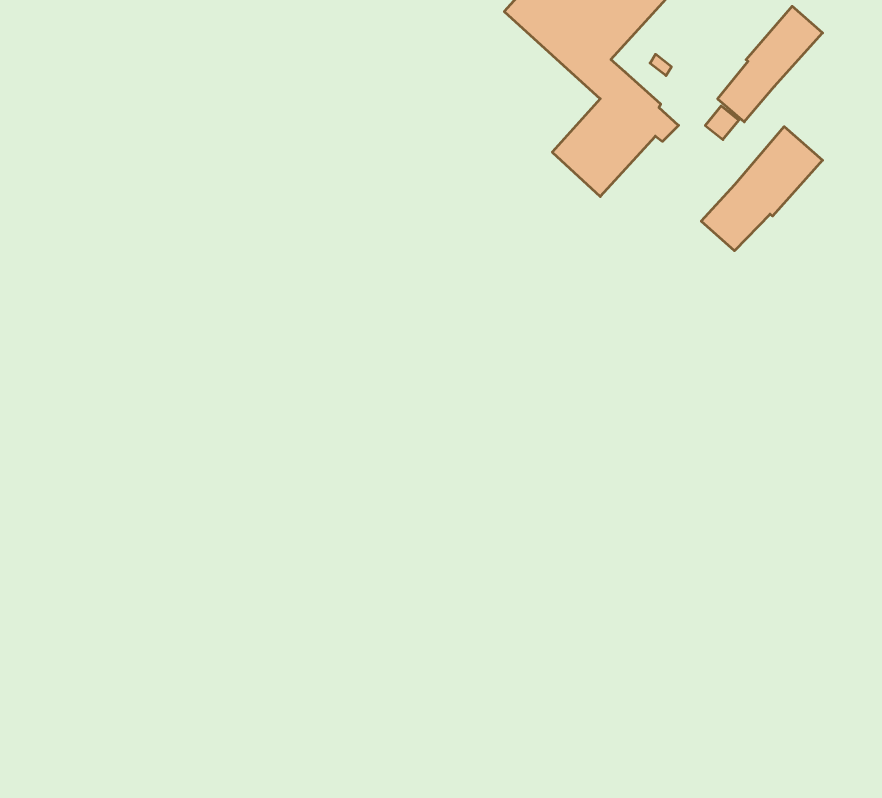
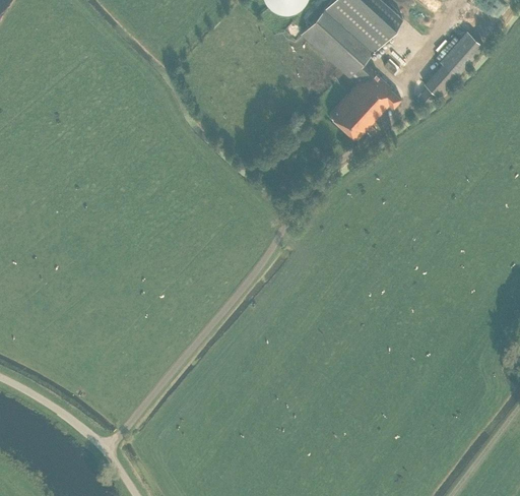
building: [701,127,823,251] -> none

